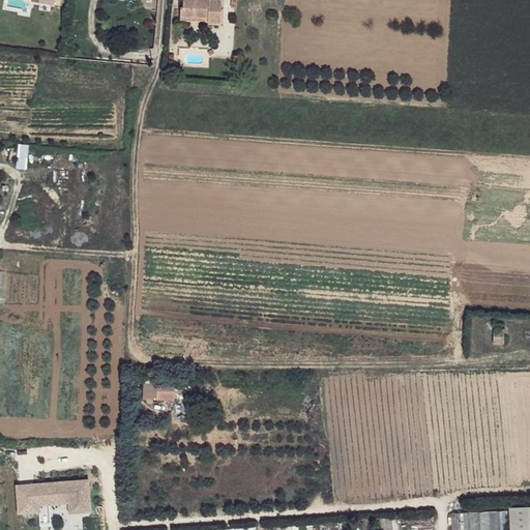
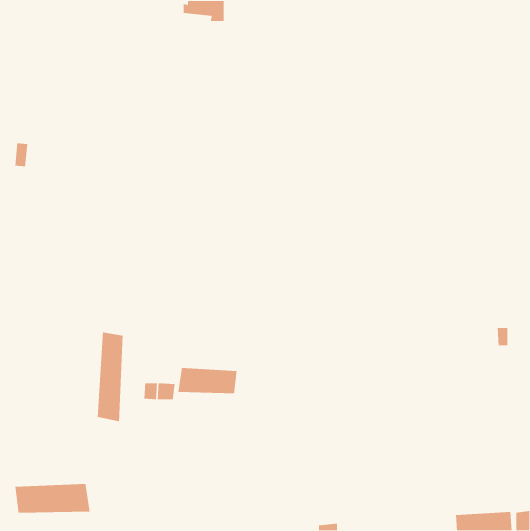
building: none -> [97,332,123,422]
building: none -> [177,367,238,394]

